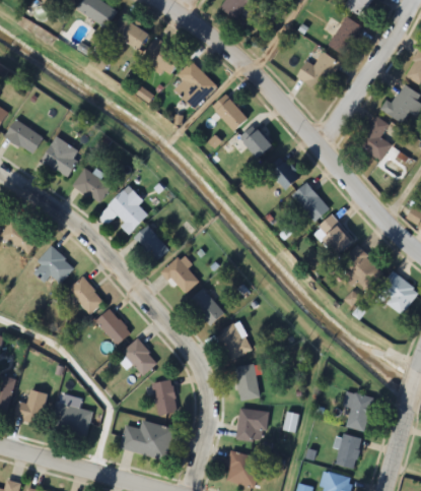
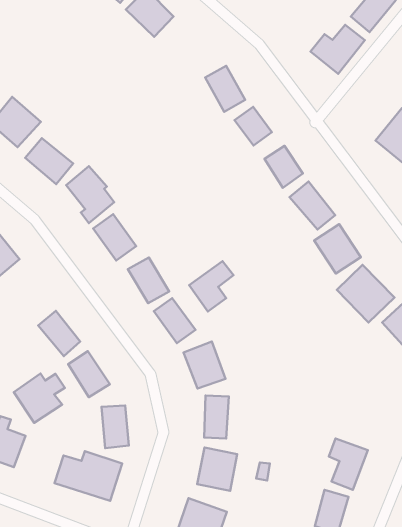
building: [174,62,218,110] -> none
building: none -> [189,261,234,311]
building: [69,275,104,314] -> none
building: none -> [14,374,65,423]

